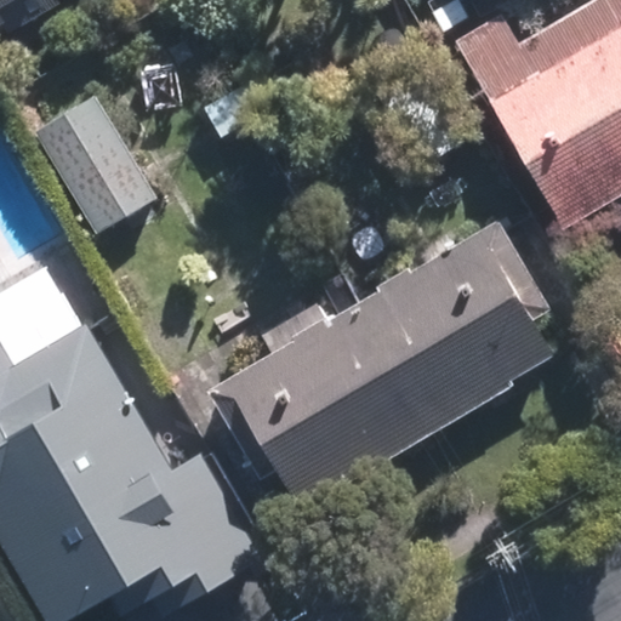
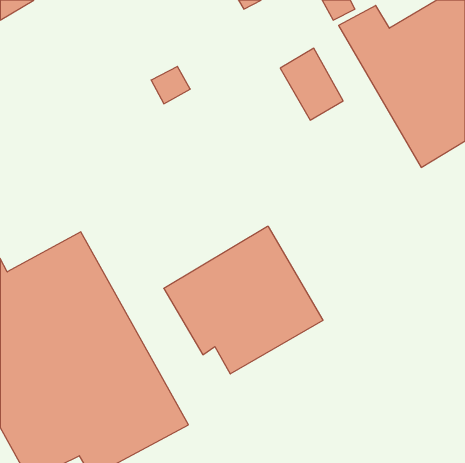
building: [34,93,154,233] -> none
building: [358,217,562,429] -> none

